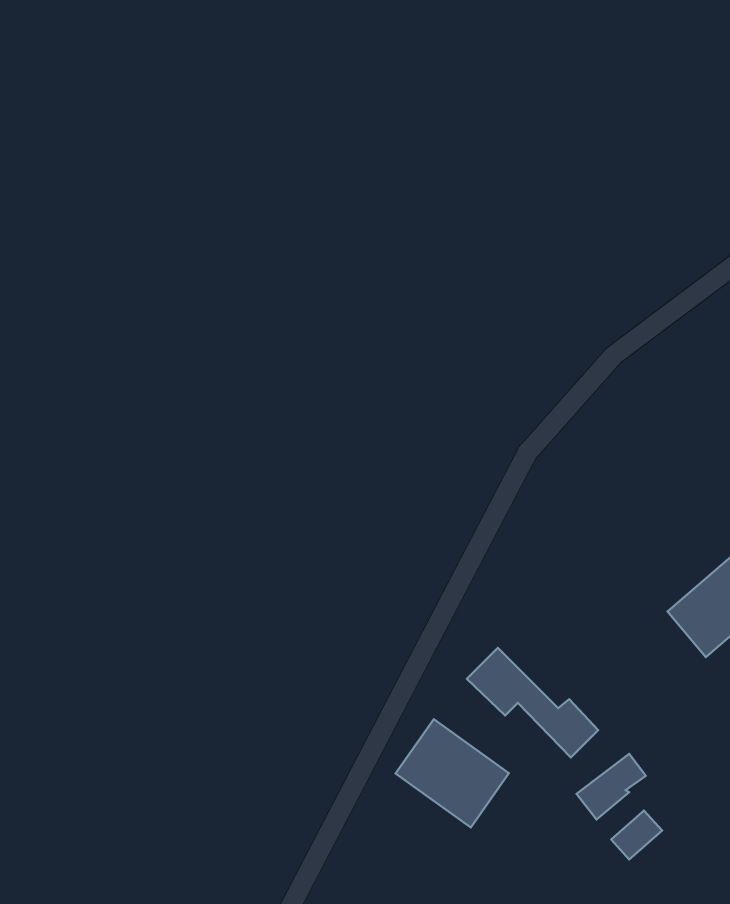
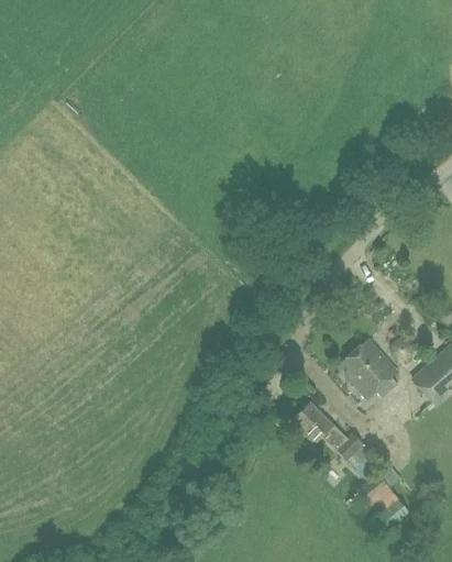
building: none -> [338,339,396,396]
building: [396,719,509,828] -> none

